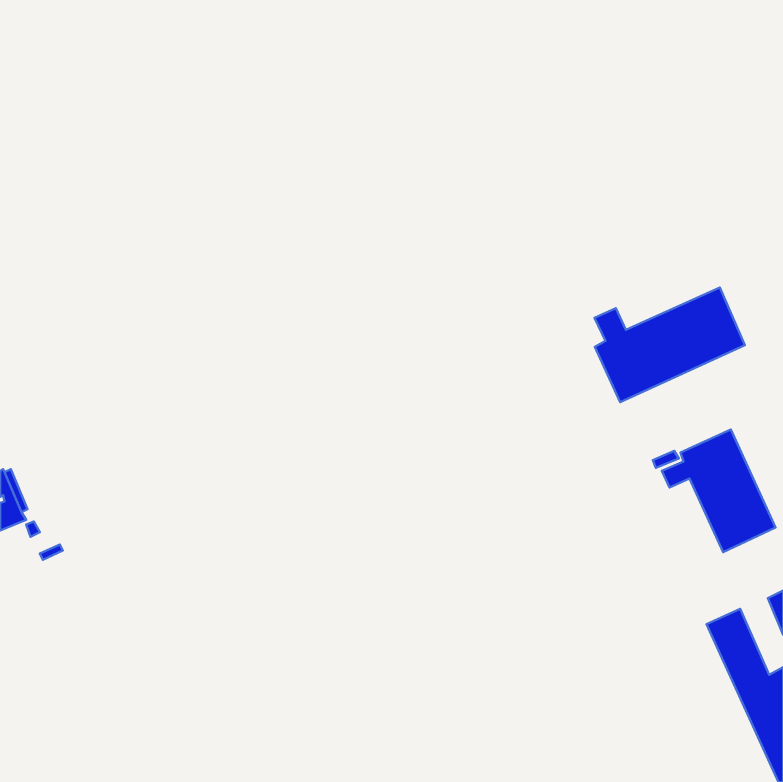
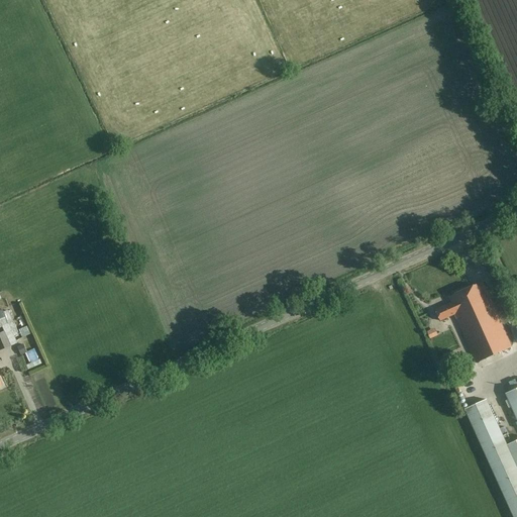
building: [595,288,745,402] -> none

